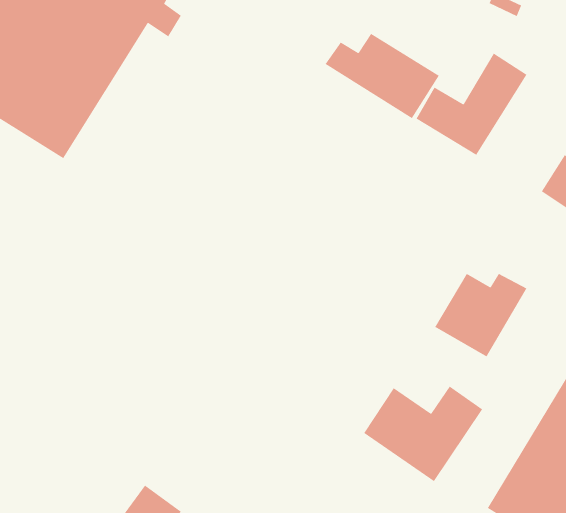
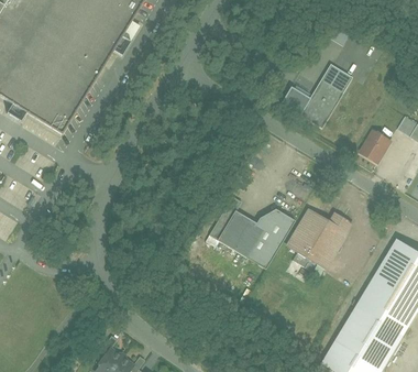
building: [324,33,440,119] -> none
building: [363,386,483,482] -> [213,205,292,267]

